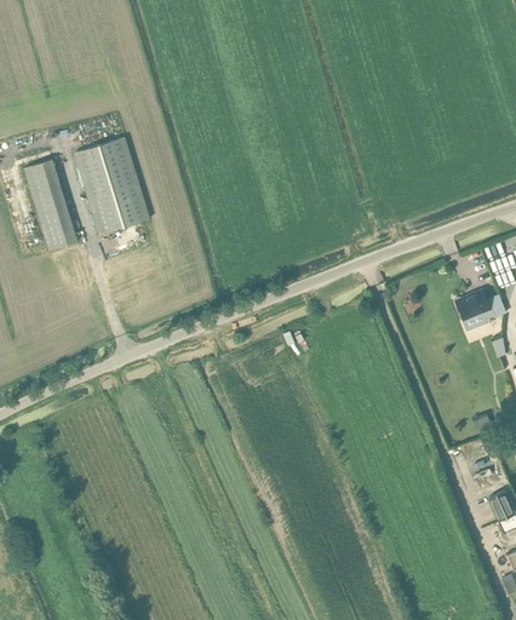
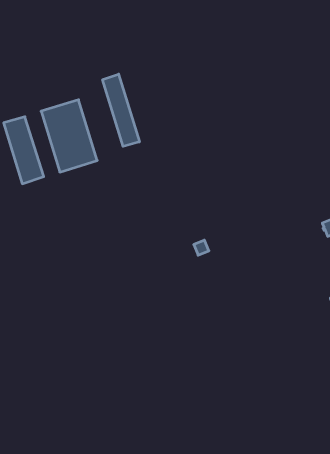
building: none -> [103,74,139,146]

